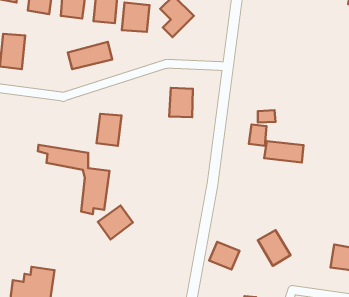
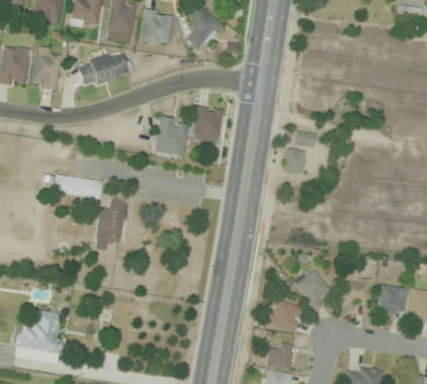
building: none -> [33,53,61,90]
building: [97,114,121,146] -> [157,118,185,155]
building: [264,141,303,162] -> none
building: [98,206,133,239] -> none
building: none -> [345,280,372,301]
building: [209,242,239,269] -> [269,299,304,330]

